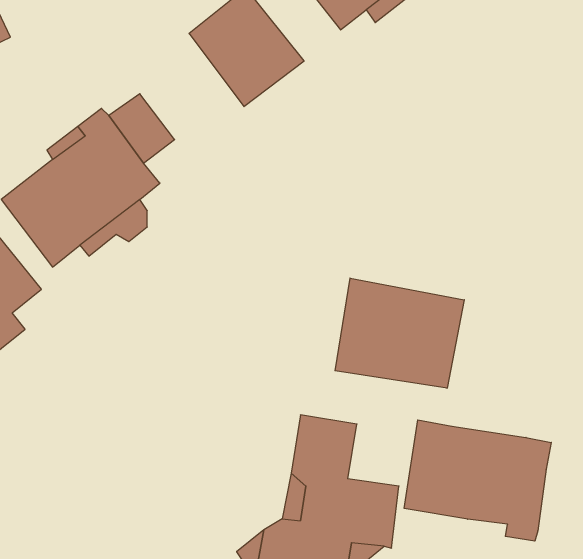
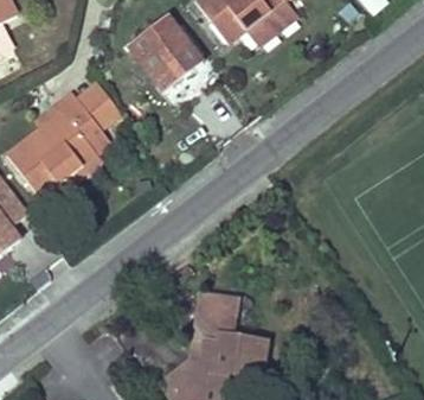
building: [335,278,464,388] -> none
building: [404,420,551,541] -> none

